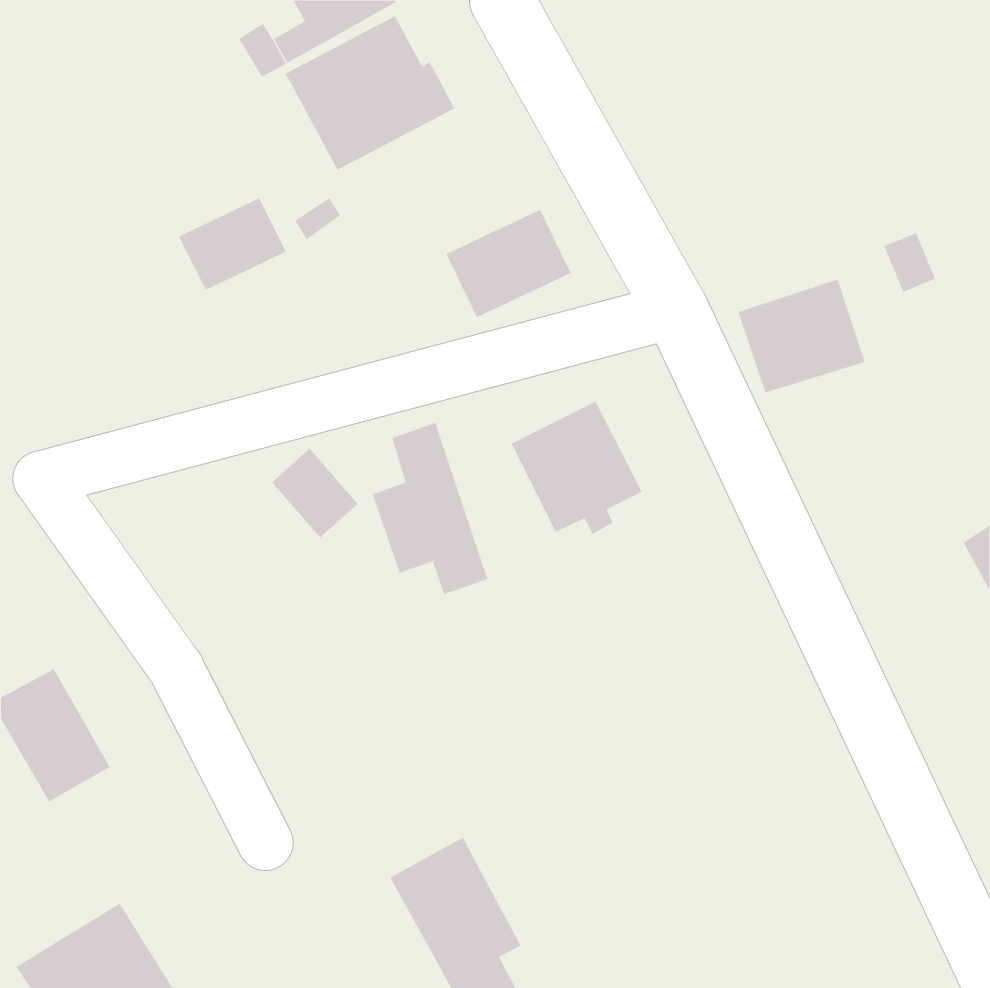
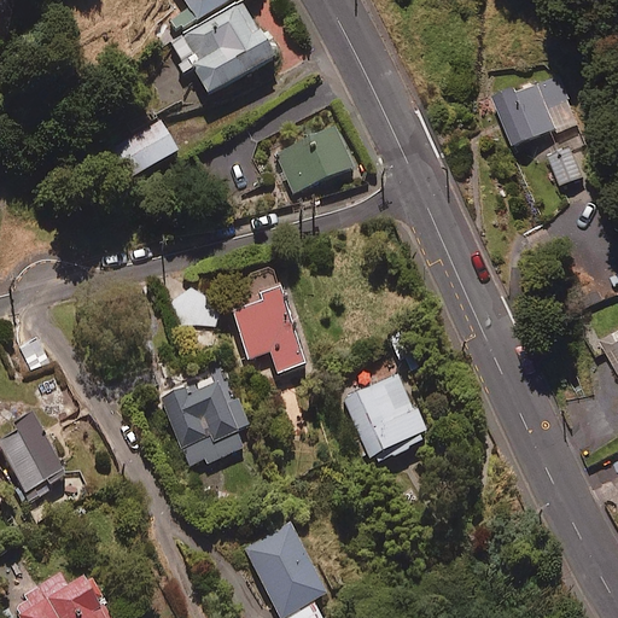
building: [738,279,865,393] -> [497,75,577,146]
building: [511,401,642,535] -> [342,372,424,455]
building: none -> [158,366,249,465]

